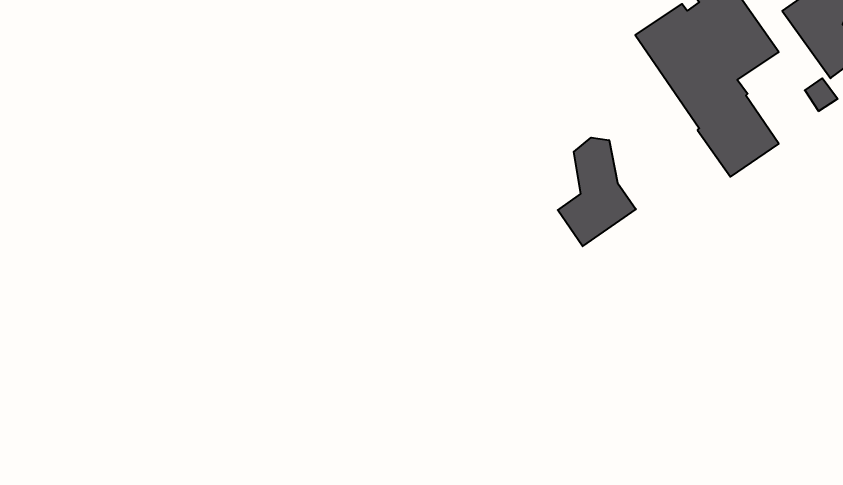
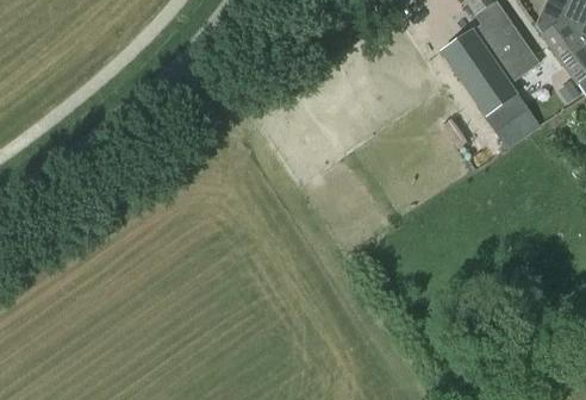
building: [558,138,636,246] -> none

